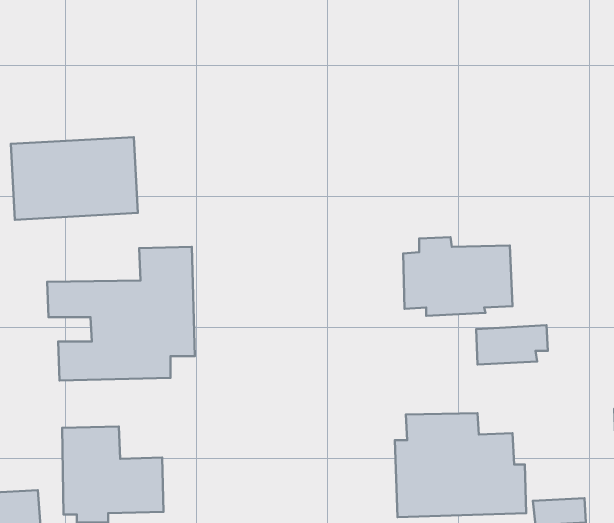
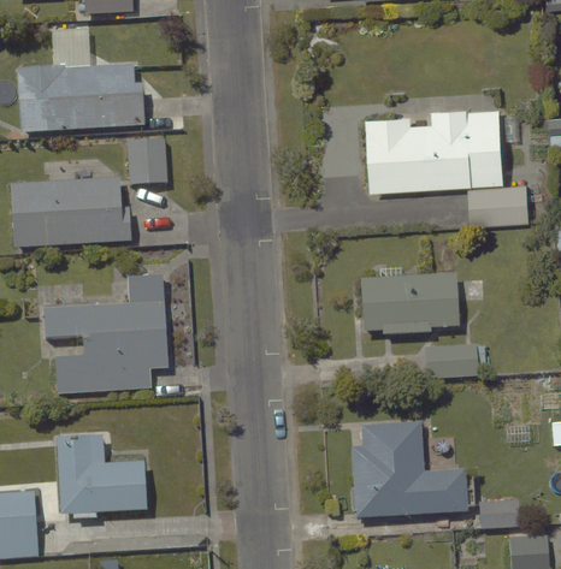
building: none -> [17,60,142,134]
building: none -> [365,109,531,226]
building: none -> [124,136,173,185]

